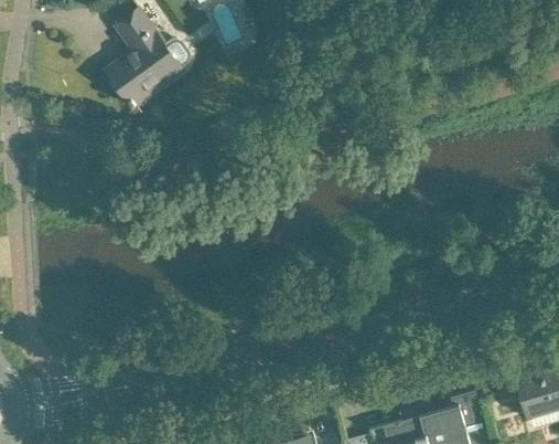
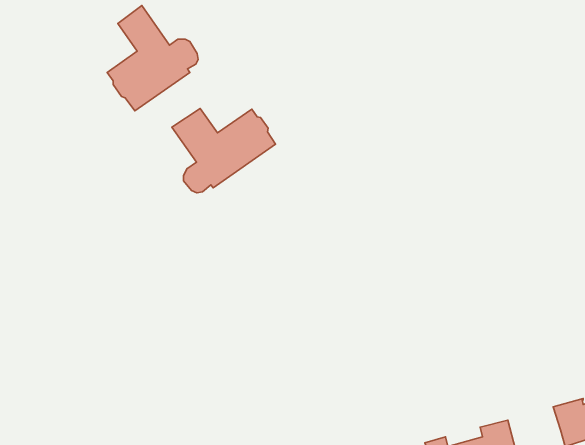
building: none -> [172,108,276,193]

